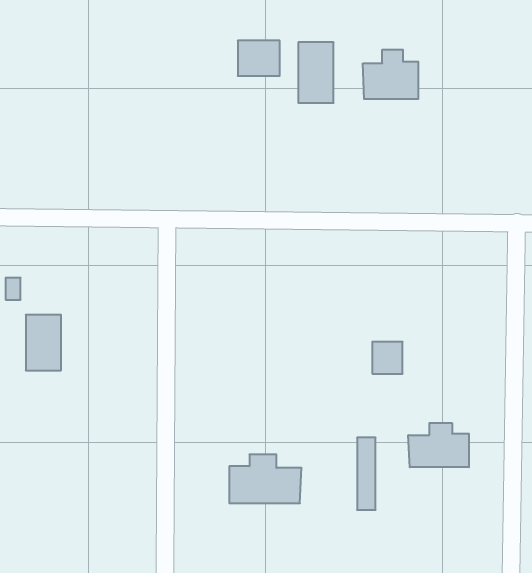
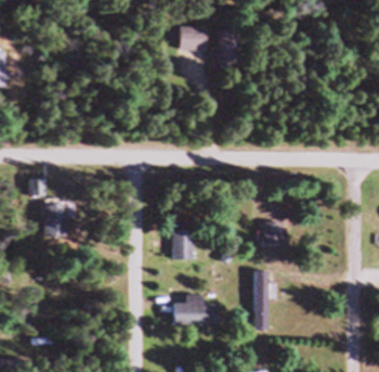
building: [363,50,418,99] -> none
building: none -> [173,229,194,258]
building: [408,423,469,467] -> none

